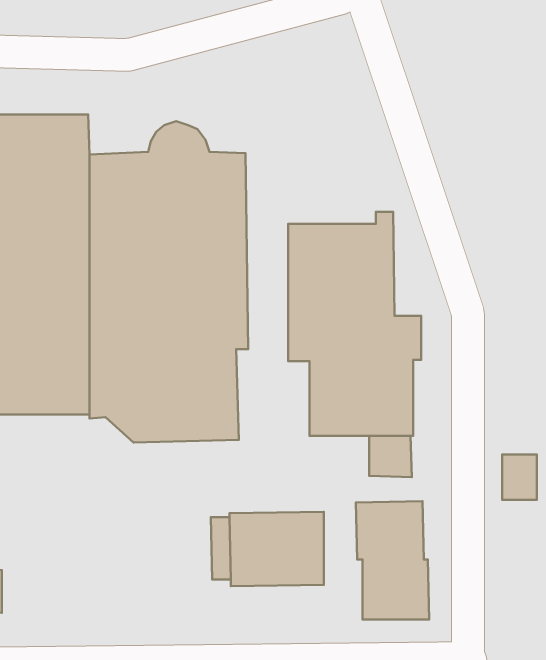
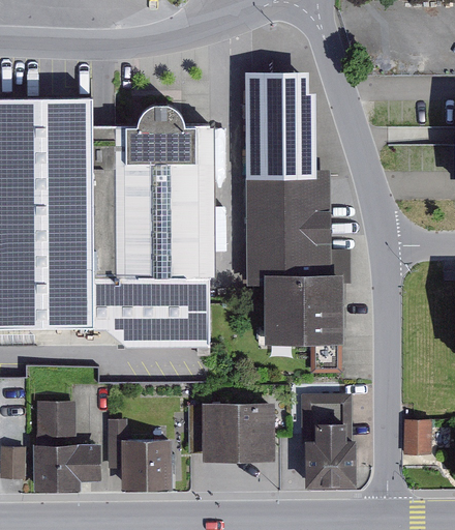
building: none -> [244,70,314,179]
building: [502,454,537,500] -> [403,421,430,457]
building: none -> [32,403,100,492]
building: none -> [107,421,172,490]

